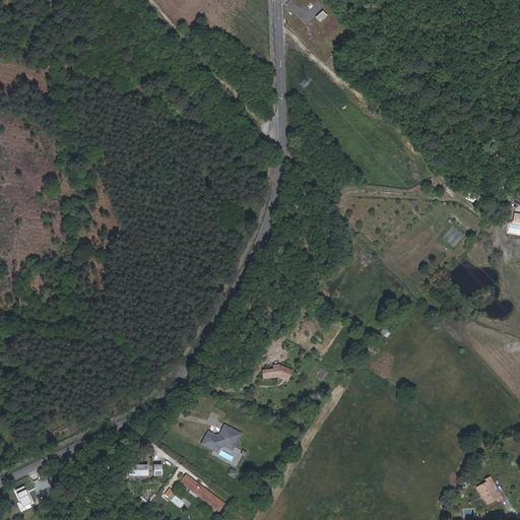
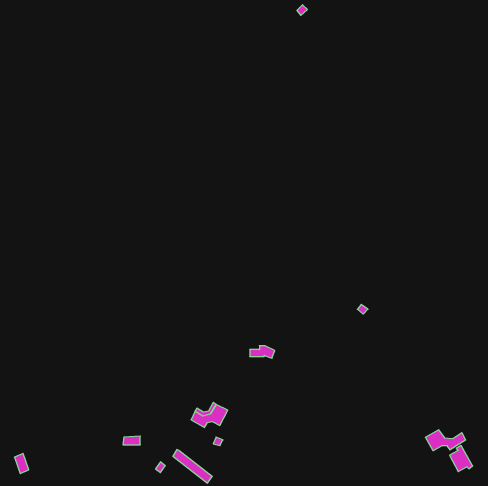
building: none -> [425,430,466,451]

